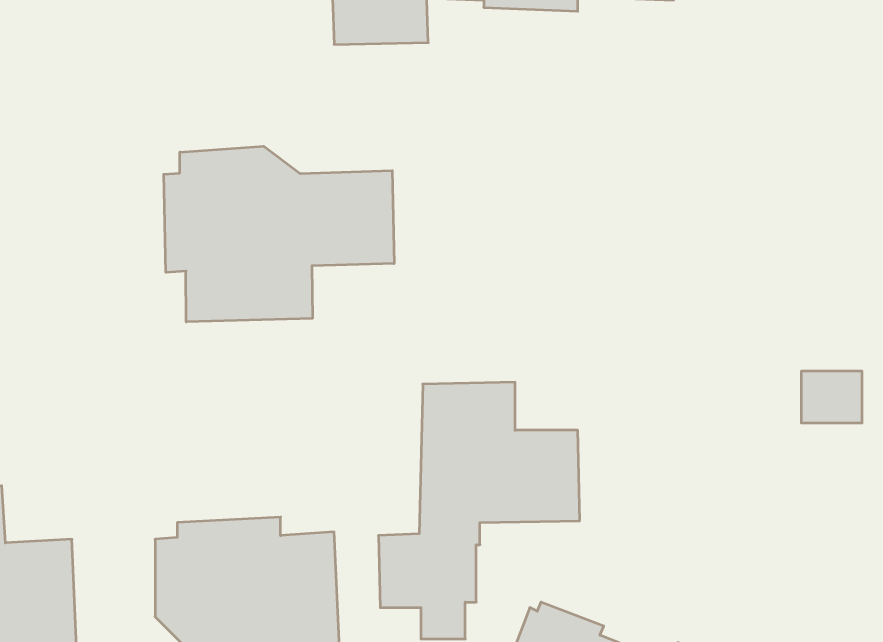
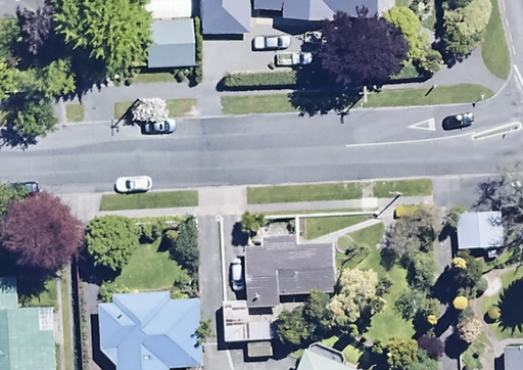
building: none -> [143,19,188,65]
building: [164,146,394,322] -> none

